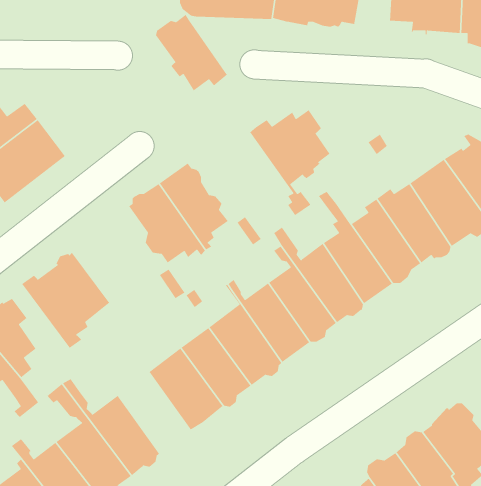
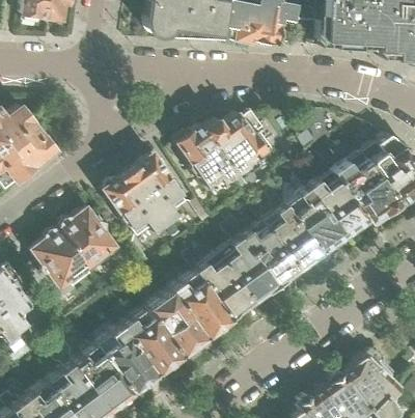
building: [155,14,228,92] -> [177,123,237,187]
building: none -> [61,208,124,268]
building: none -> [99,324,158,390]

